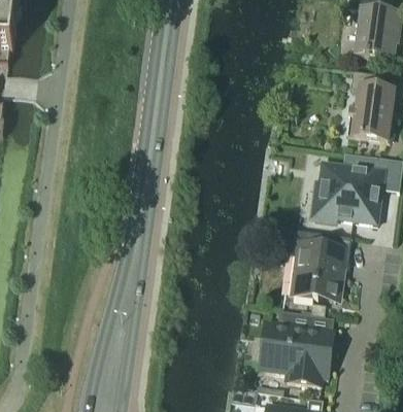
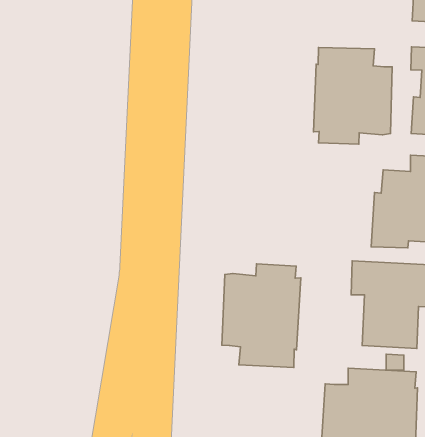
building: none -> [313,47,392,144]
building: none -> [222,264,301,367]

